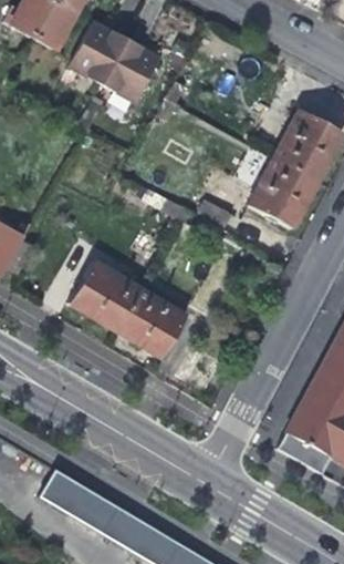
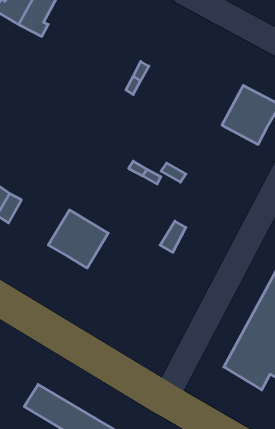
building: [70,22,156,100] -> none
building: [250,157,319,228] -> none
building: [114,287,186,357] -> none

